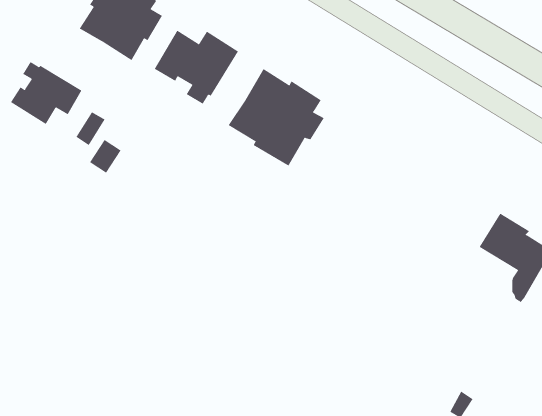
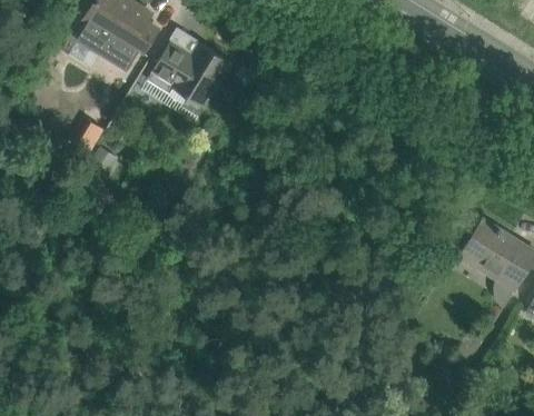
building: [10,61,82,125] -> none
building: [228,68,324,167] -> none

